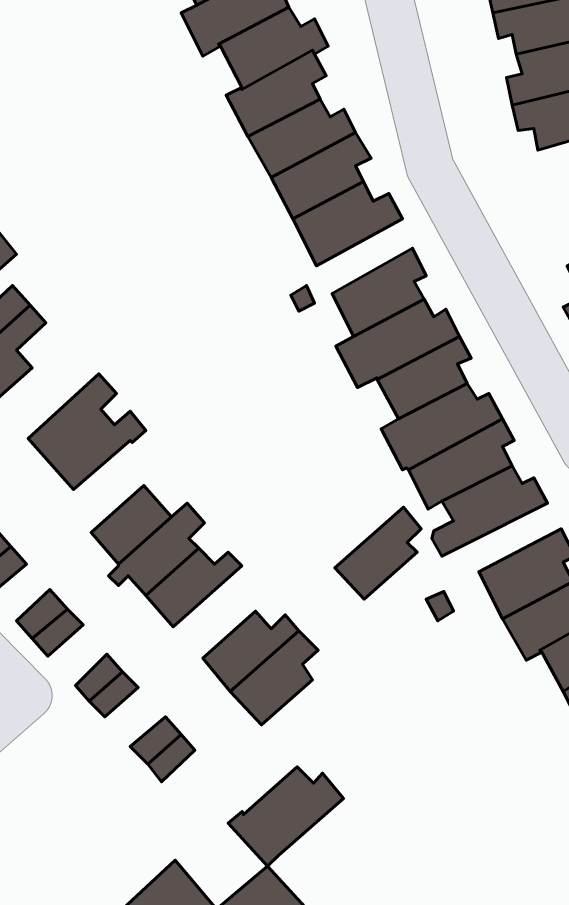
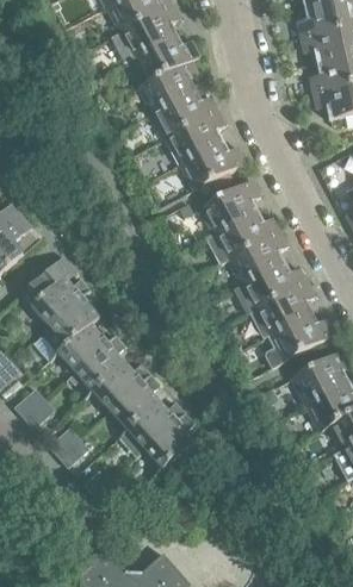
building: none -> [39,296,98,352]
building: [335,507,421,599] -> [107,373,160,429]
building: [228,767,344,866] -> none

